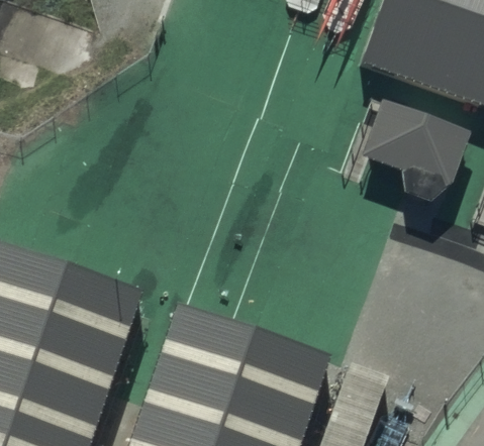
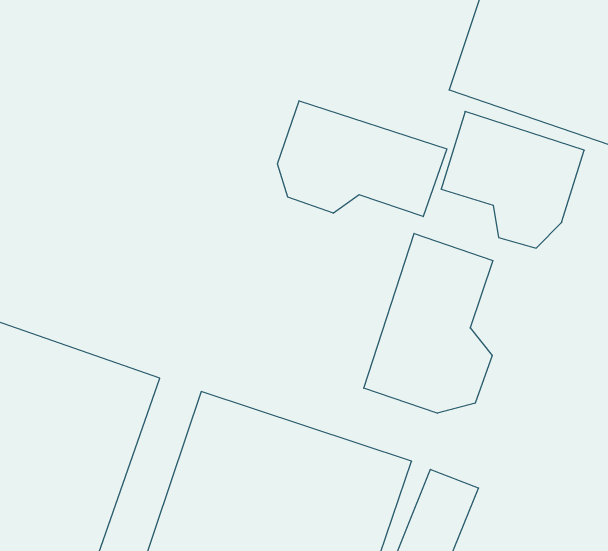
building: none -> [277,101,447,217]
building: none -> [364,233,493,413]

